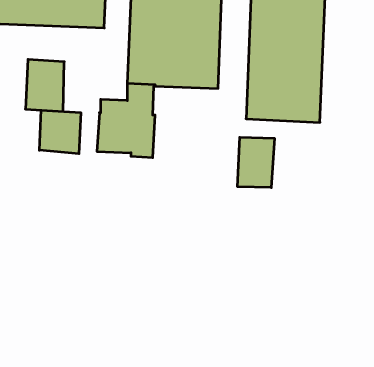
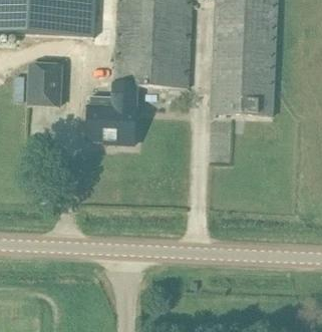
building: [39,110,81,154] -> none
building: [238,137,274,188] -> none

